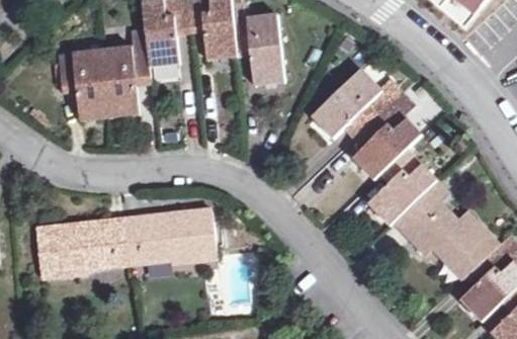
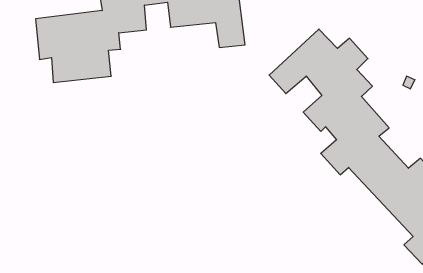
building: [34,209,217,271] -> none

